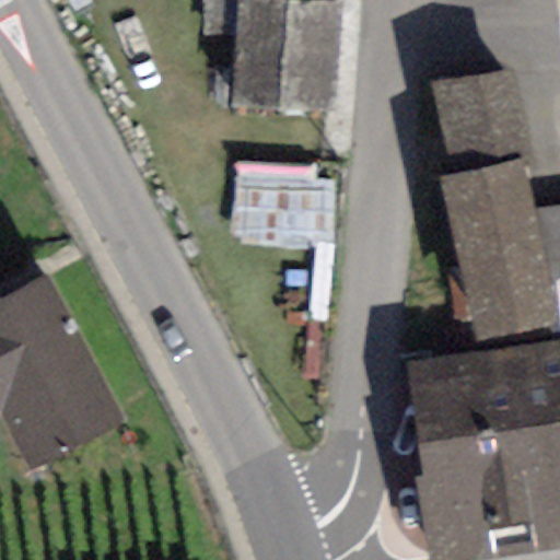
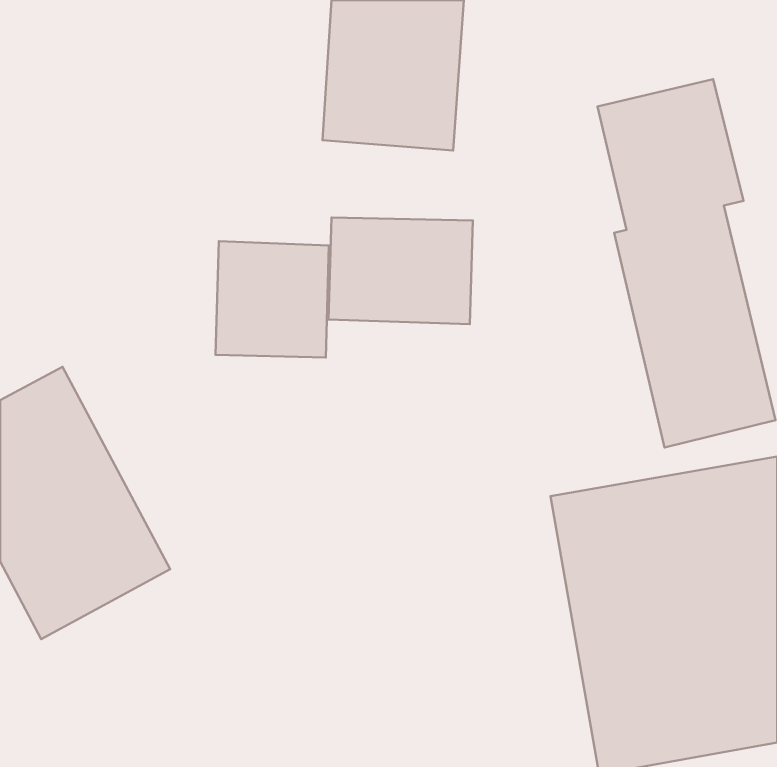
building: none -> [216,241,329,358]

